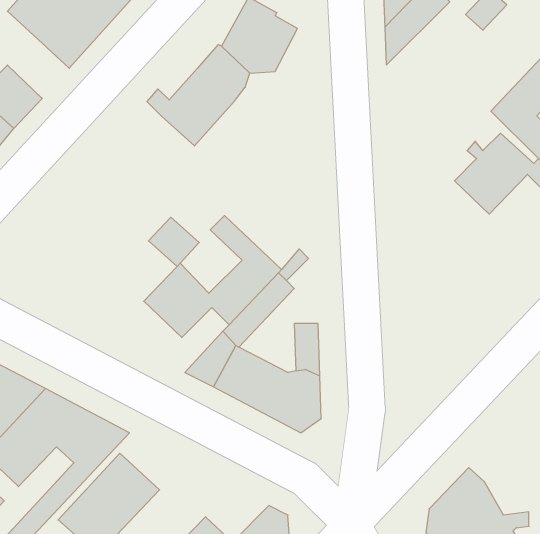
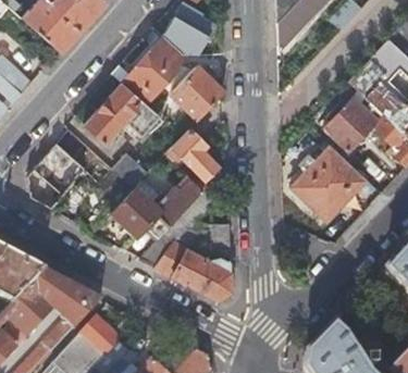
building: none -> [171,64,225,117]
building: none -> [85,83,159,142]
building: none -> [172,126,219,176]
building: none -> [27,144,86,207]
building: none -> [290,144,367,220]

